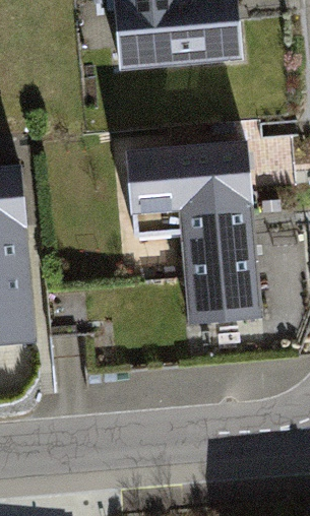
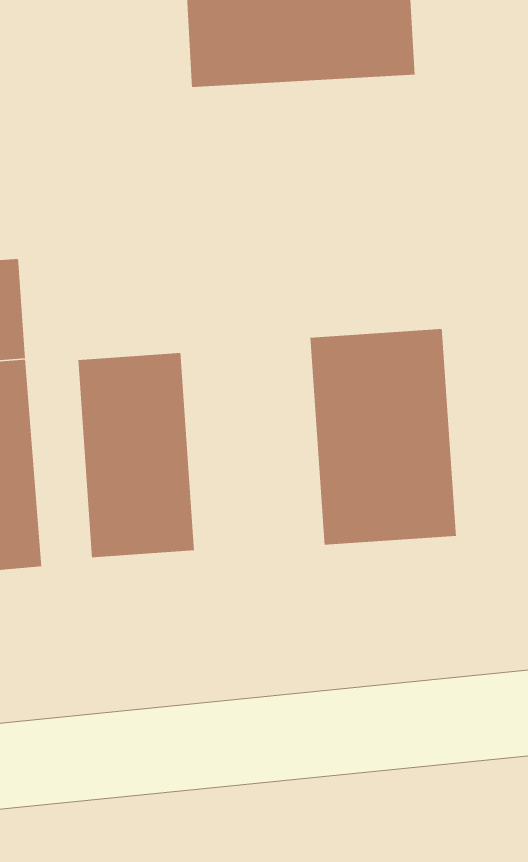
building: [125,139,258,214] -> none
building: none -> [78,352,195,558]

